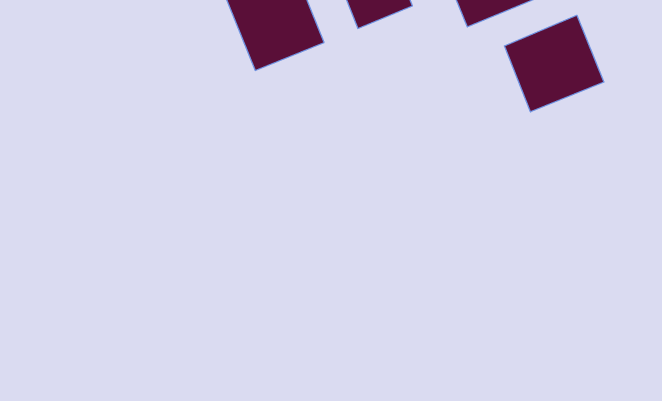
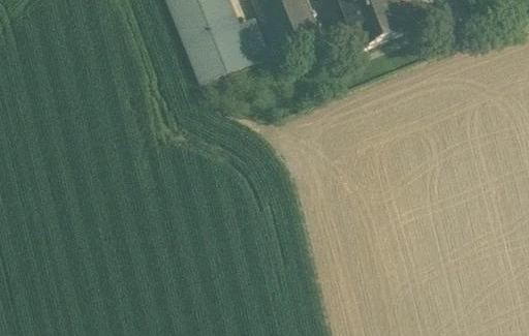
building: [505,15,604,112] -> none

